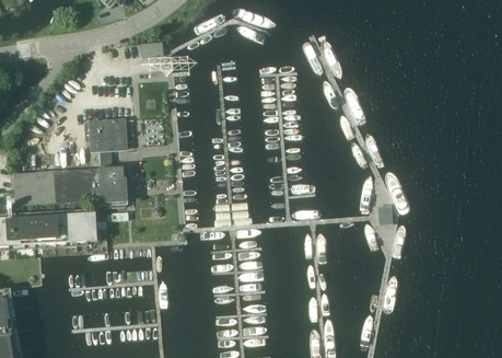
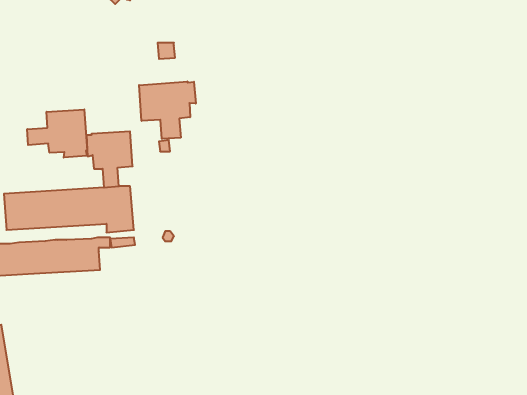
building: none -> [139,81,196,139]
building: none -> [27,109,87,158]

